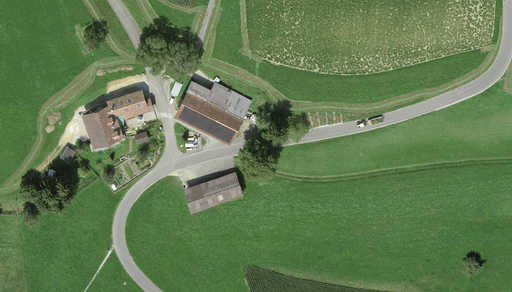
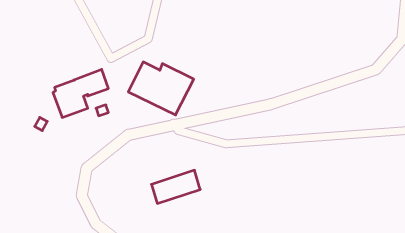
building: [184,172,243,212] -> [151,170,200,203]

